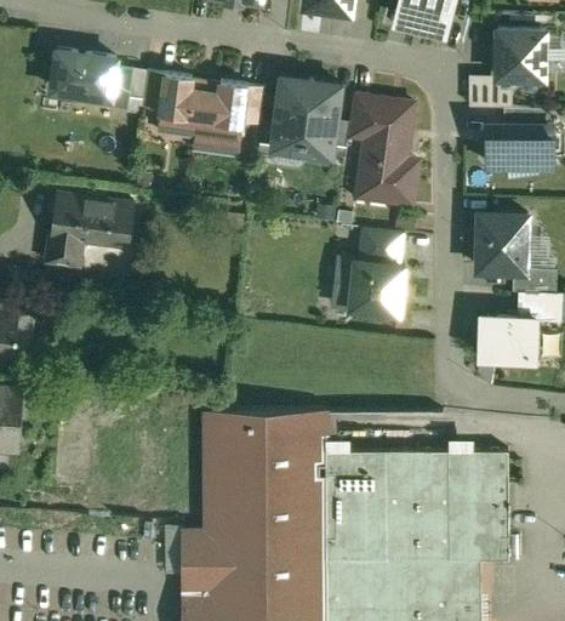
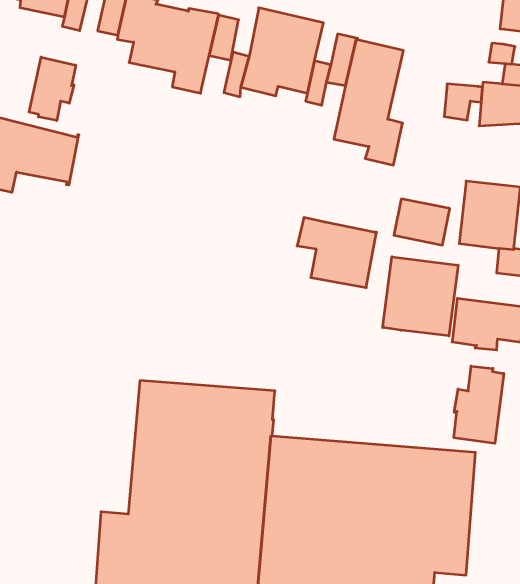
building: [468,76,500,107] -> [444,84,483,120]
building: none -> [29,57,76,121]
building: [356,228,404,266] -> [394,199,450,245]
building: none -> [383,257,458,336]
building: none -> [454,366,504,443]

